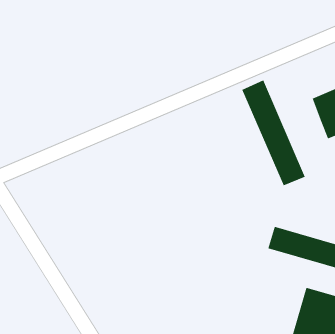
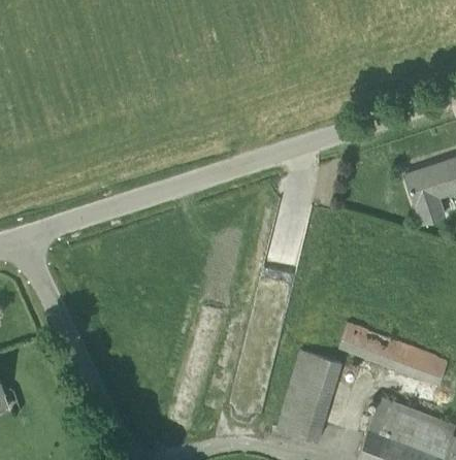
building: [242,80,306,186] -> none
building: none -> [278,350,341,440]

